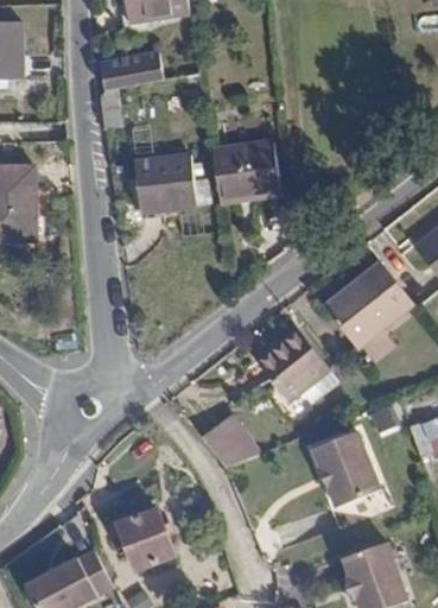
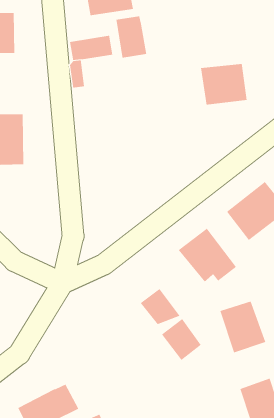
building: none -> [116,15,147,58]
building: [212,141,280,201] -> [200,64,247,105]
building: [135,150,198,210] -> none
building: none -> [161,318,202,361]
building: [118,509,173,569] -> none

